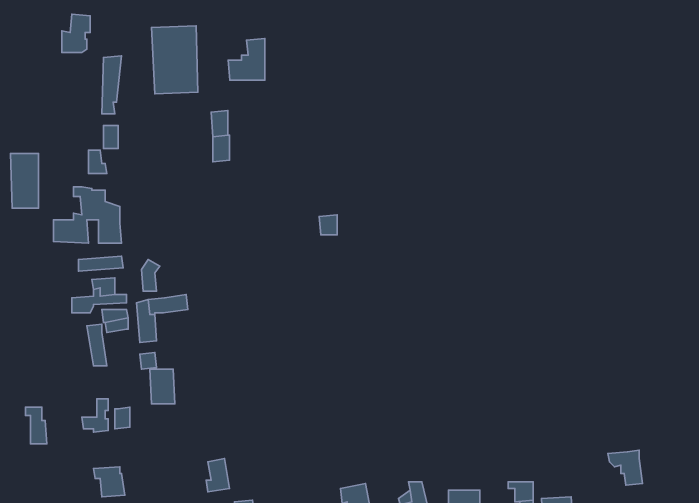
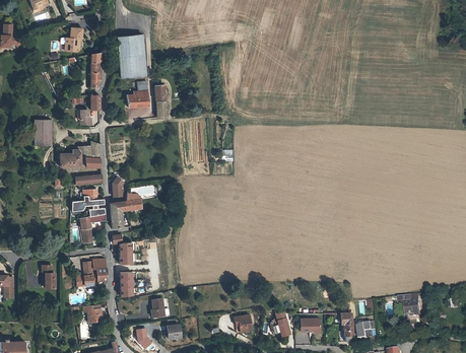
building: [228,39,265,80] -> [126,81,148,107]
building: none -> [119,272,134,298]

